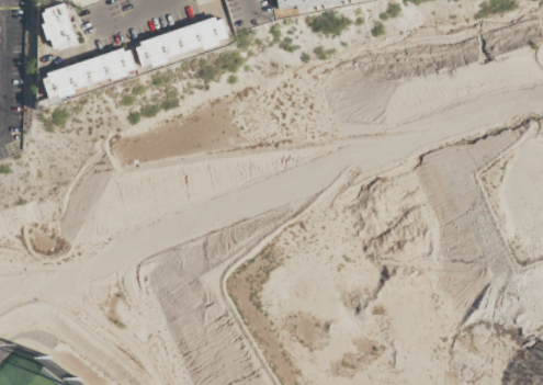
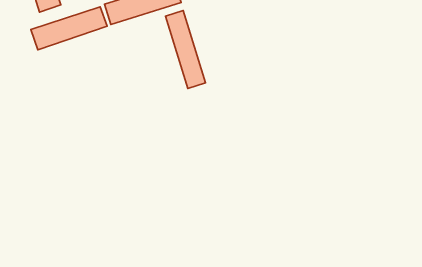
building: none -> [165,11,206,88]

